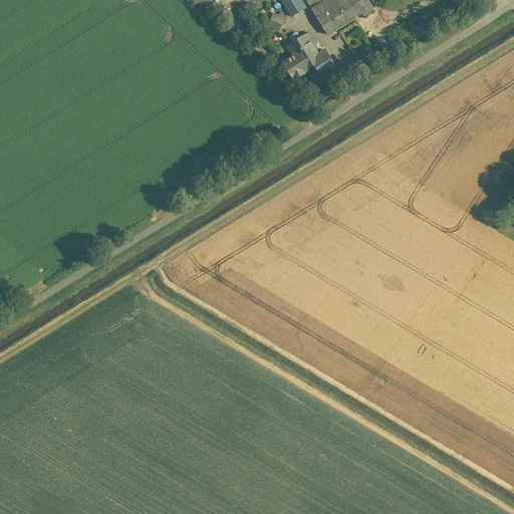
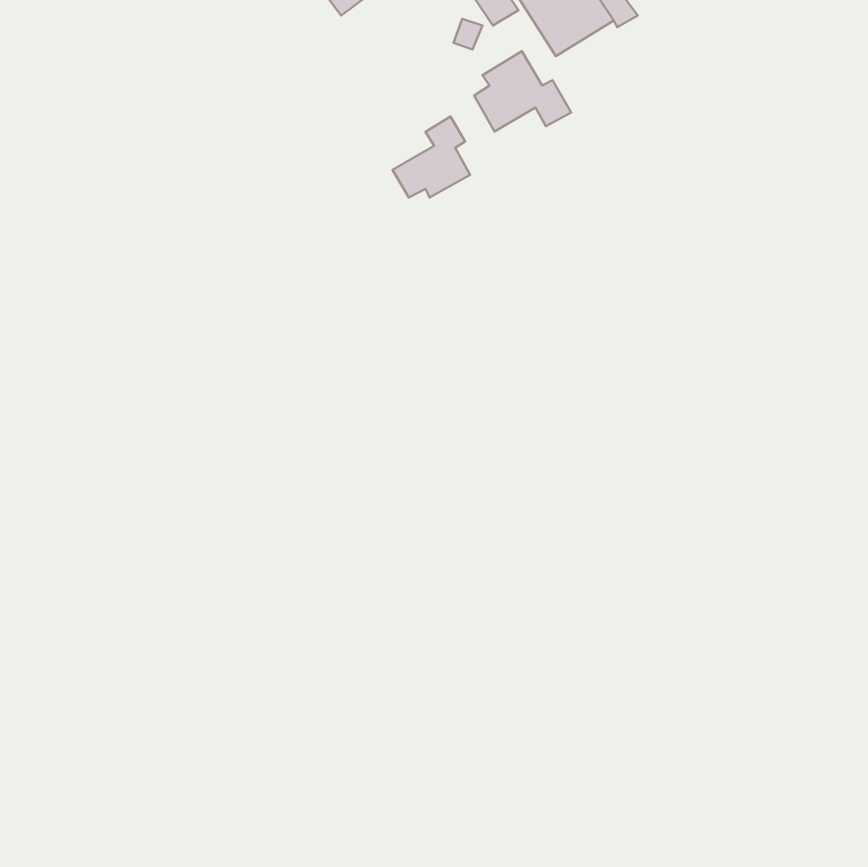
building: none -> [393,116,470,197]

